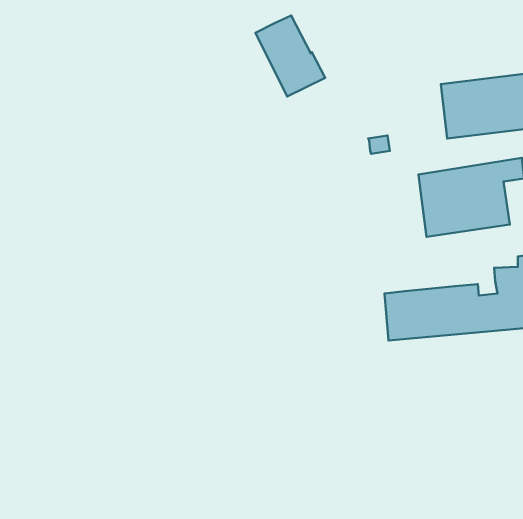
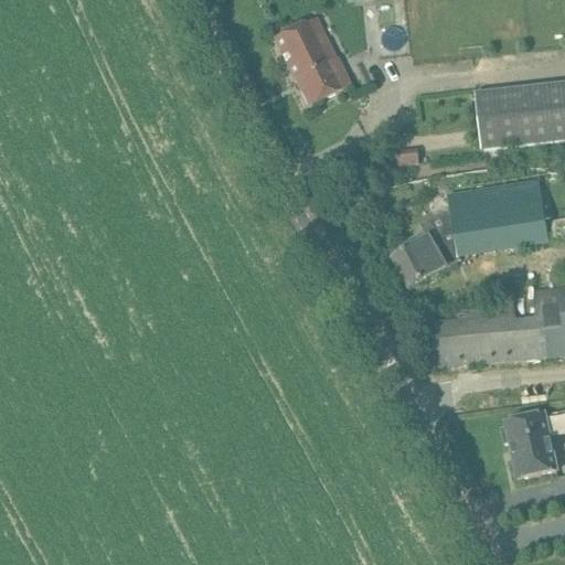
building: none -> [392,205,463,289]
building: none -> [502,413,558,477]

